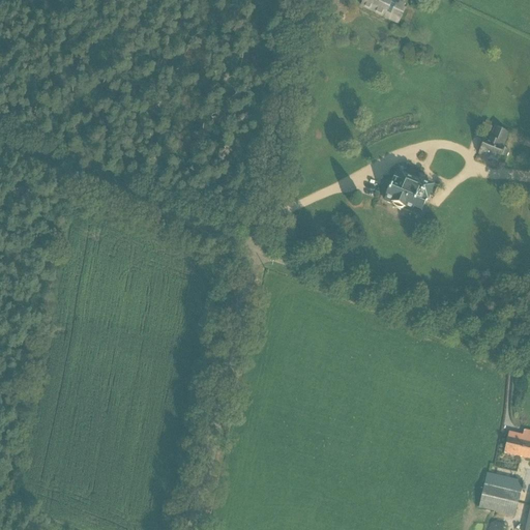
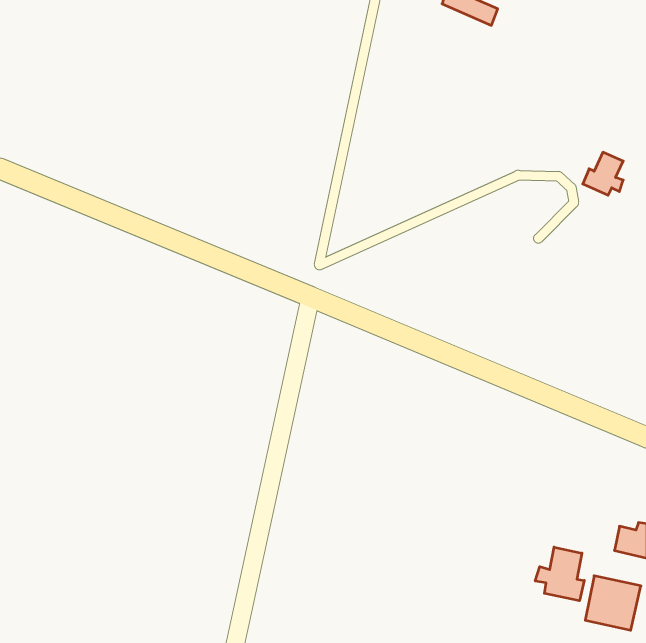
building: [382,164,433,210] -> none
building: none -> [535,547,584,601]

